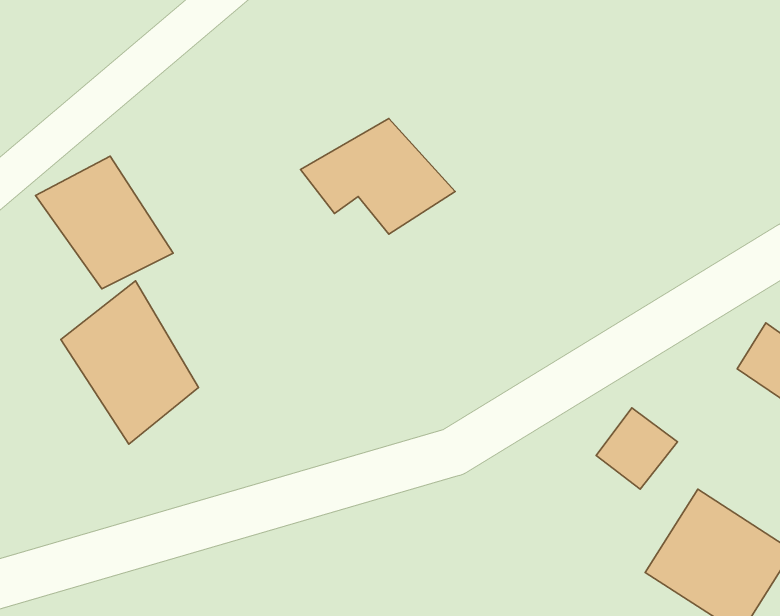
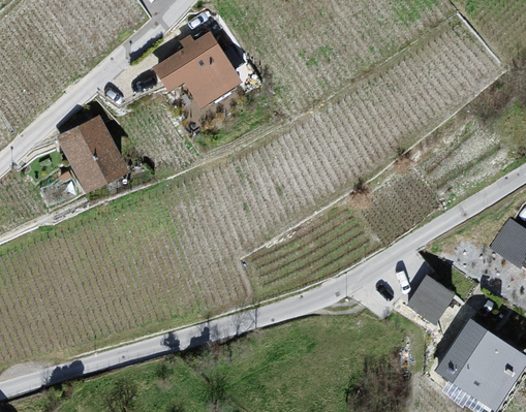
building: [301,118,455,234] -> [158,36,252,106]
building: [61,281,198,444] -> none

